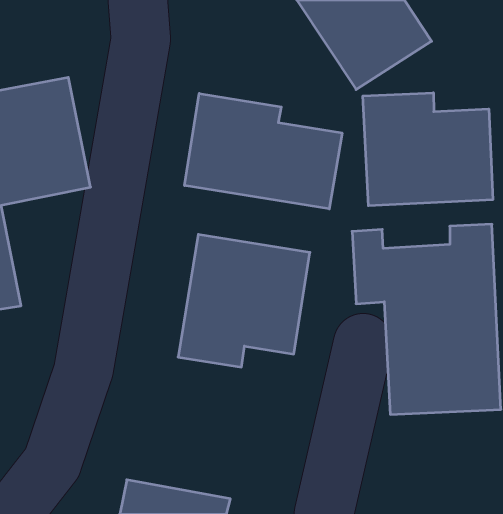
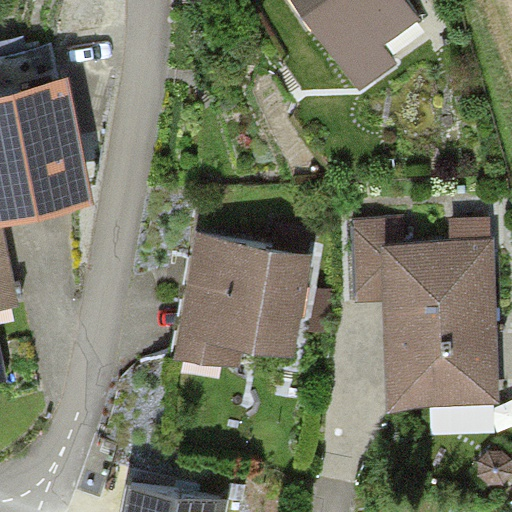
building: [363,93,493,206] -> none
building: [185,93,342,209] -> none

